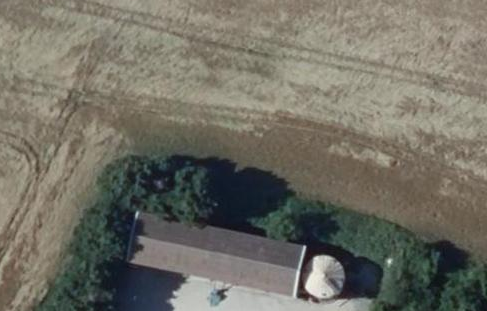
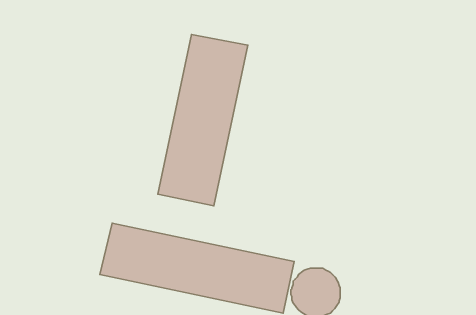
building: none -> [158,34,248,206]

